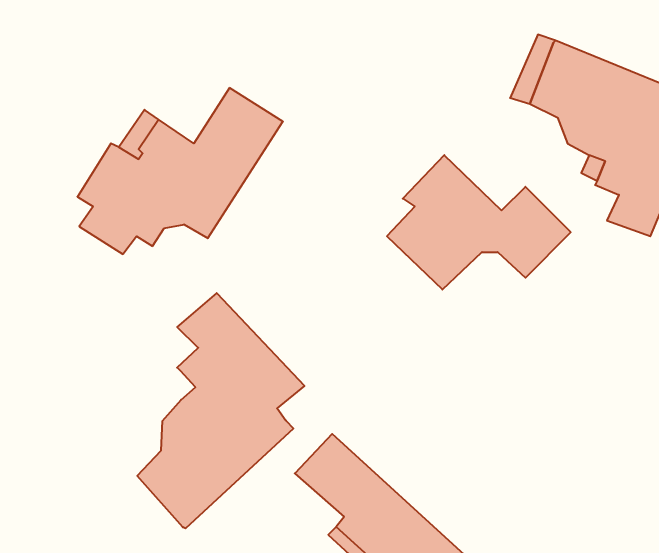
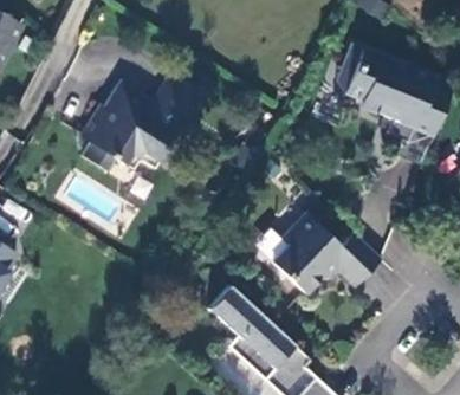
building: [387,155,571,290] -> [276,214,386,294]
building: [137,293,304,528] -> none

